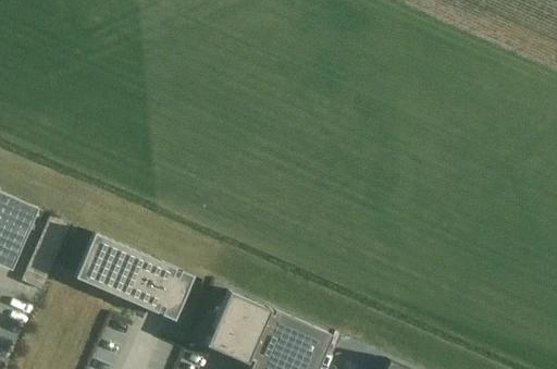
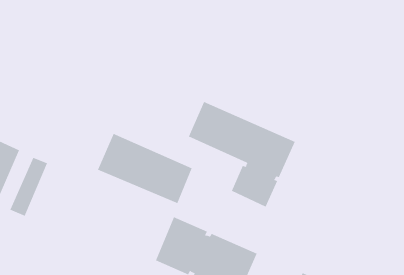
building: none -> [188,101,295,207]
building: [75,233,194,321] -> [97,133,193,204]

